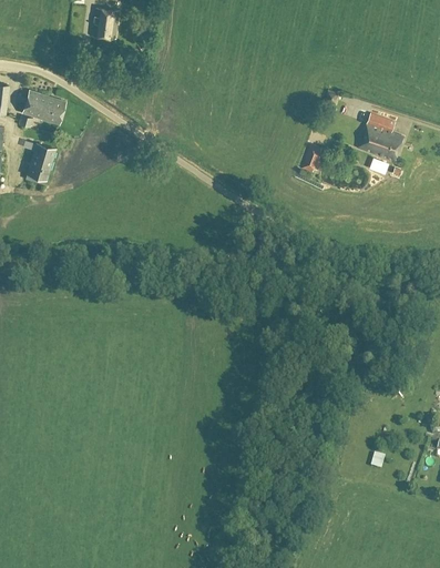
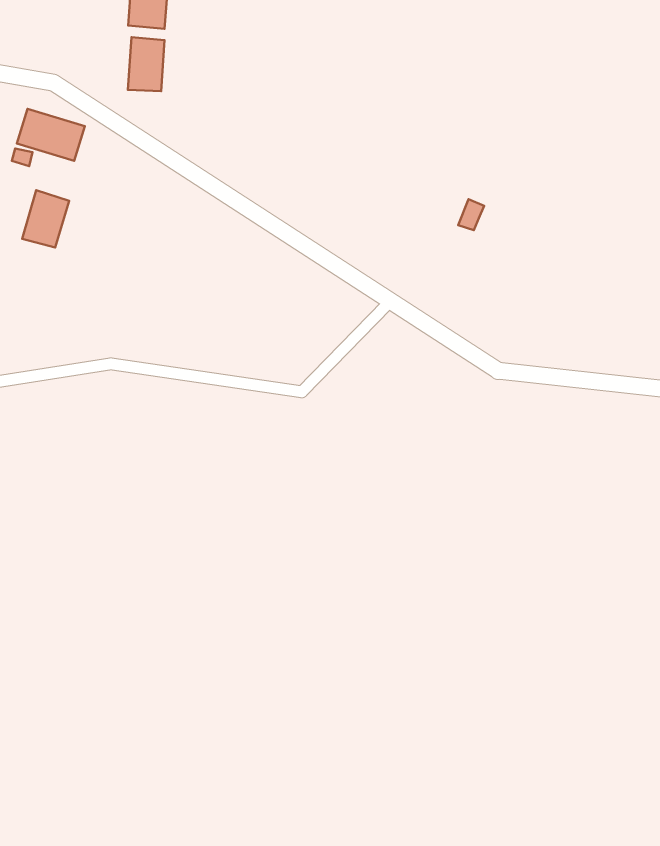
building: none -> [128,37,165,91]
building: [358,113,403,160] -> none

